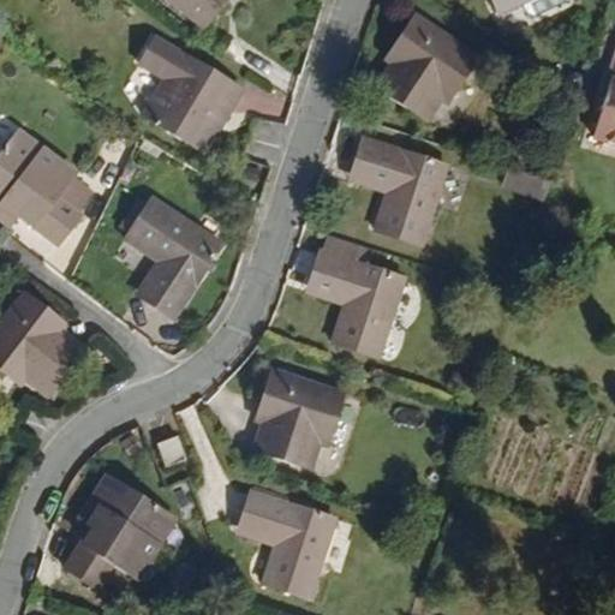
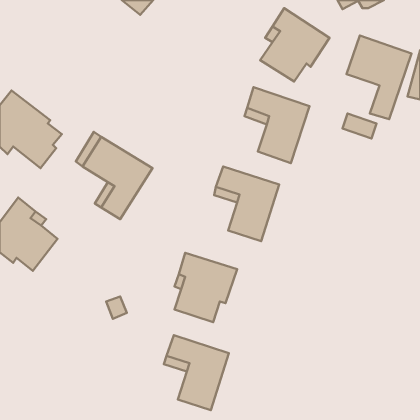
building: [135,34,239,150] -> none
building: none -> [347,35,412,119]
building: [62,474,171,587] -> none

